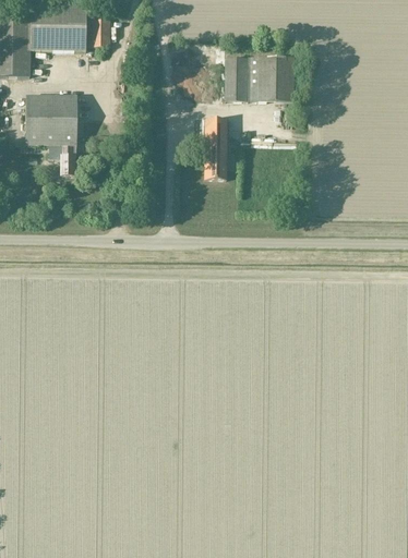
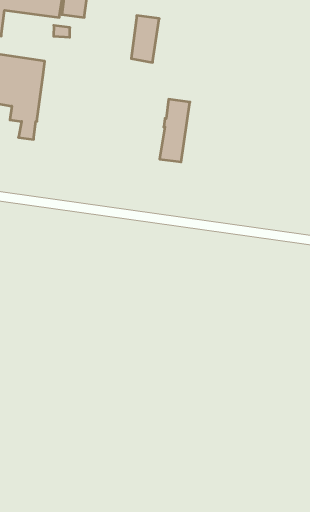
building: [225,57,248,101] -> [131,16,159,62]
building: [257,57,293,102] -> none

